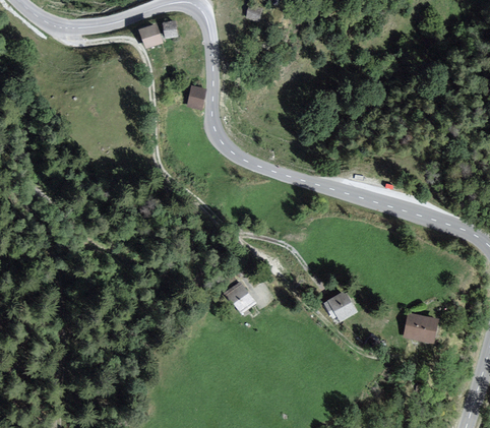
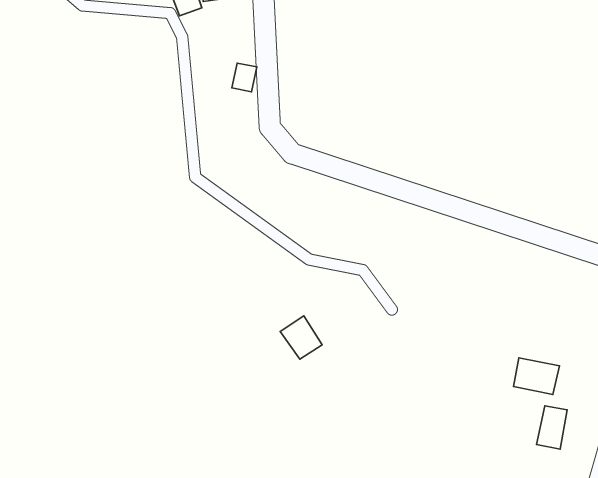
building: [324,291,357,324] -> none
building: none -> [536,406,567,449]

